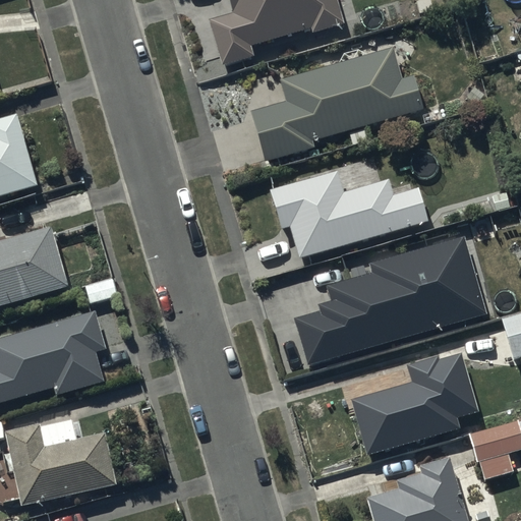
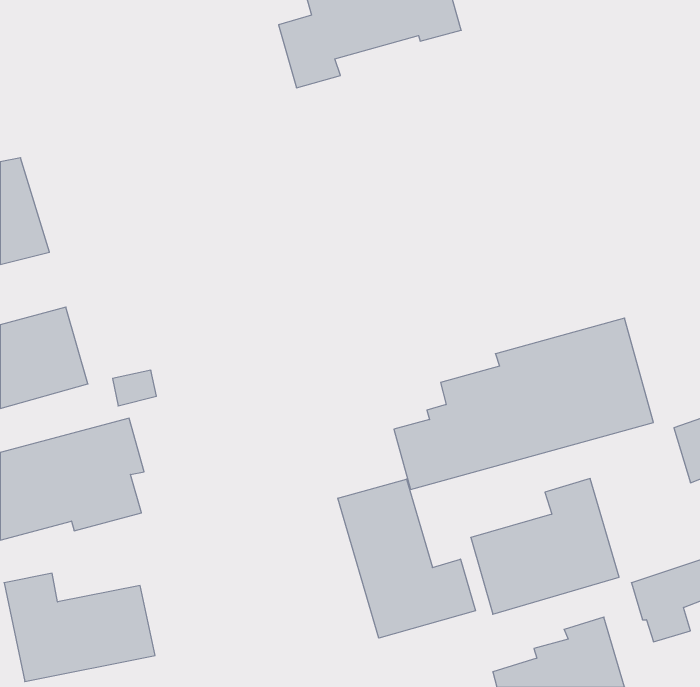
building: [248,46,423,162] -> none
building: [269,168,428,258] -> none
building: none -> [338,479,476,638]

